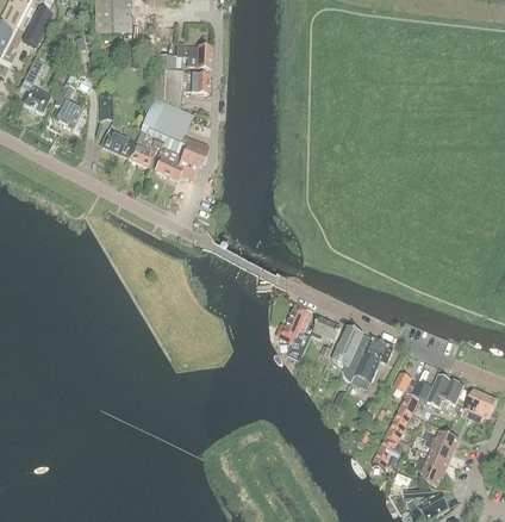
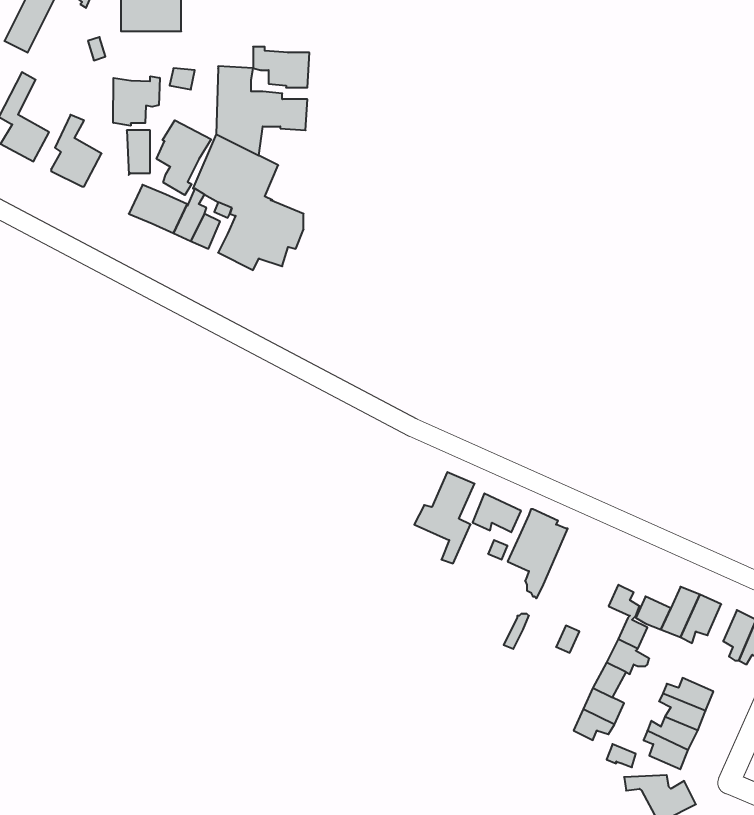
building: none -> [113,76,160,126]
building: none -> [157,120,211,195]
building: [354,335,393,380] -> none

